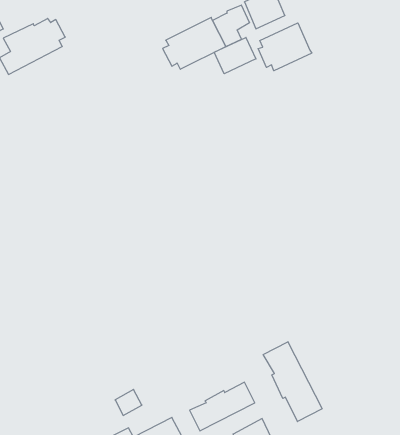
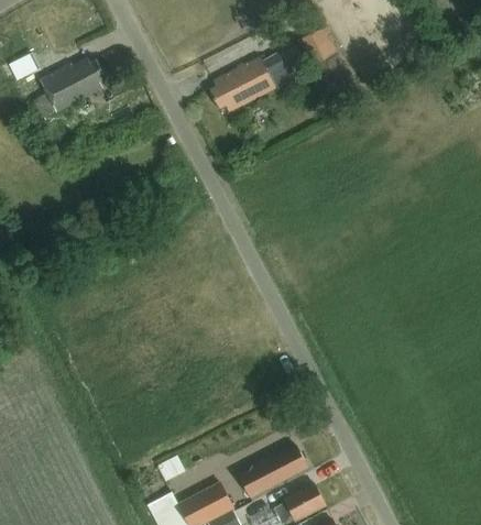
building: [258,23,312,71] -> none
building: [214,37,256,74] -> none
building: [263,342,322,422] -> none

